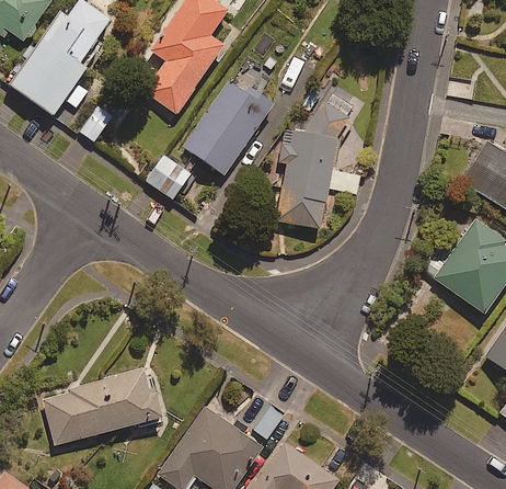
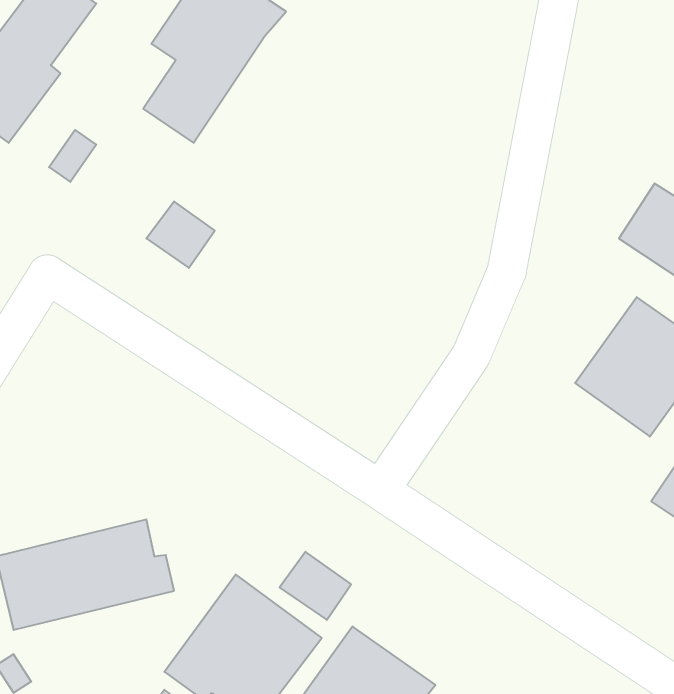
building: [182,83,274,175] -> none
building: [274,98,360,228] -> none

